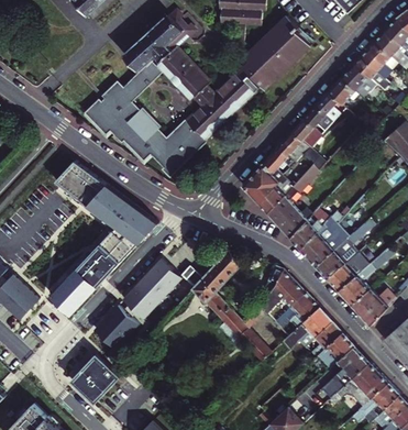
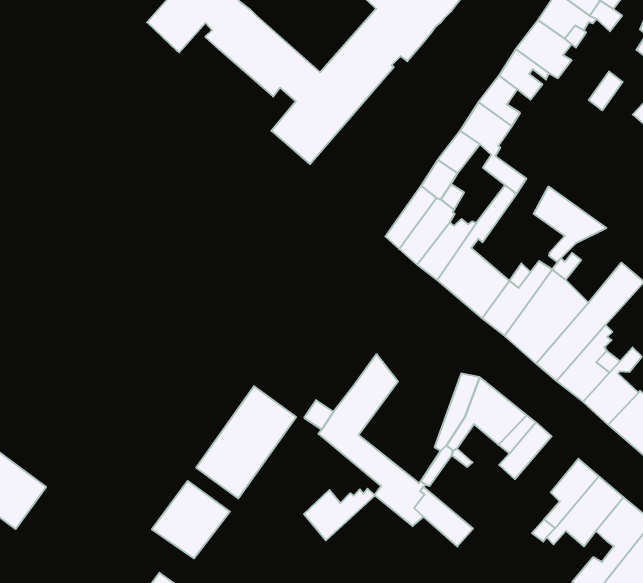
building: [86,56,207,176] -> none
building: [51,162,156,315] -> none
building: none -> [534,187,606,262]
building: [282,307,332,349] -> none
building: none -> [304,489,375,540]

